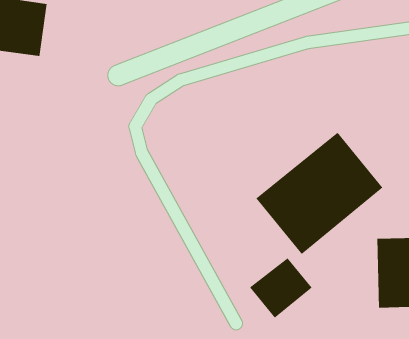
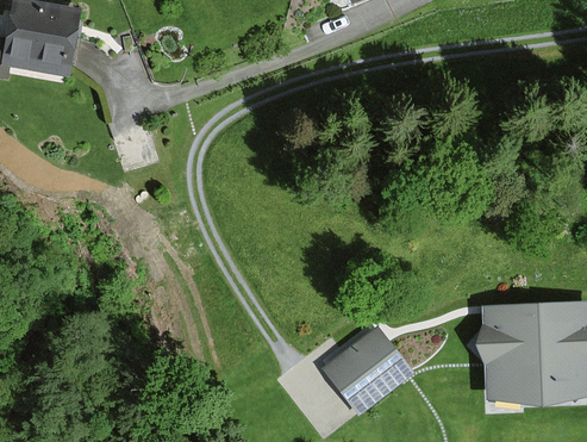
building: [256,132,383,255] -> none

